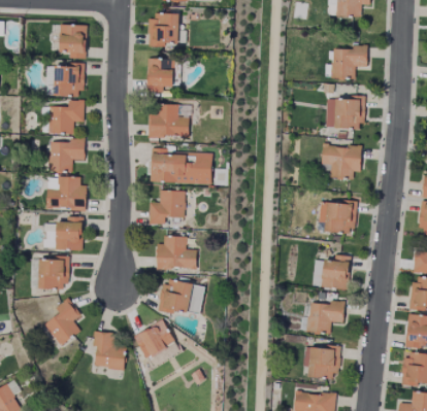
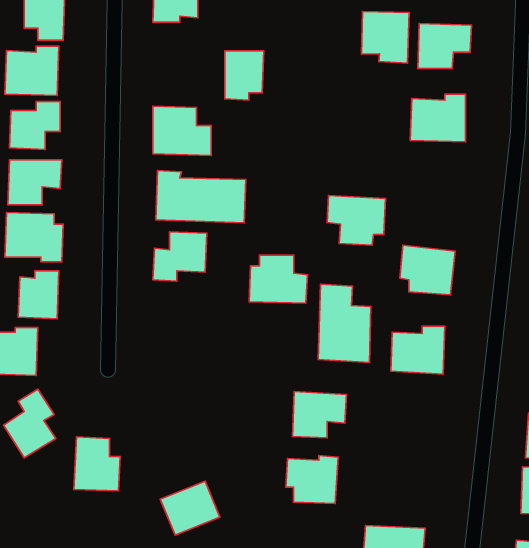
building: none -> [361,11,409,63]
building: [147,59,174,93] -> [225,51,264,100]
building: [322,145,362,179] -> [327,196,385,245]
building: none -> [318,284,371,363]
building: [157,237,197,270] -> [249,255,307,303]
building: [159,278,205,315] -> none
building: [307,302,344,334] -> [293,392,346,438]
building: [134,321,175,358] -> [160,481,220,535]
building: [303,345,339,378] -> [286,456,338,504]

